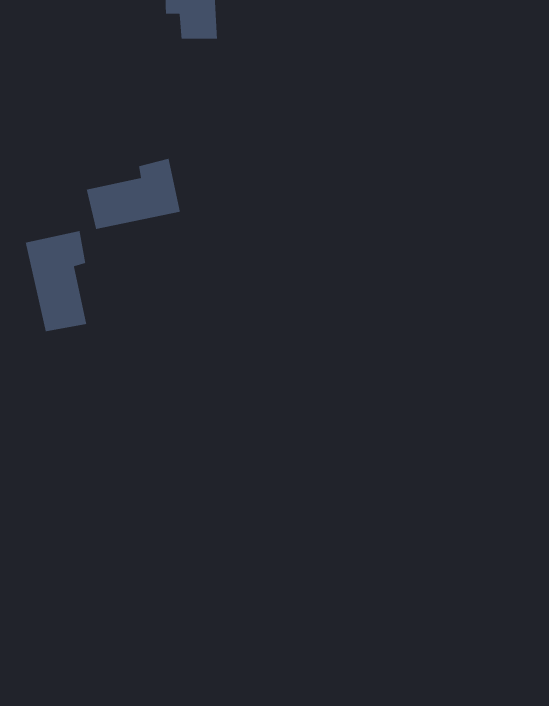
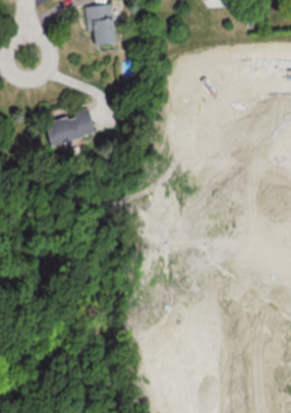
building: [25,230,87,332] -> none

